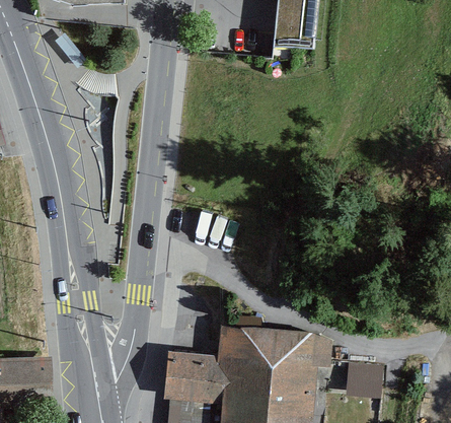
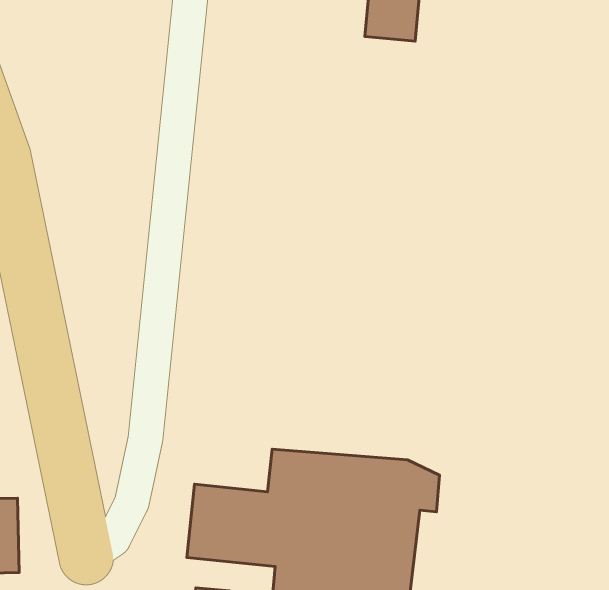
building: [344,367,381,401] -> none

